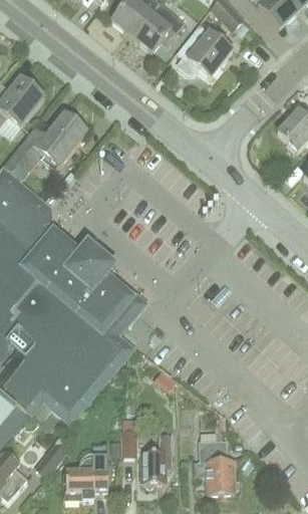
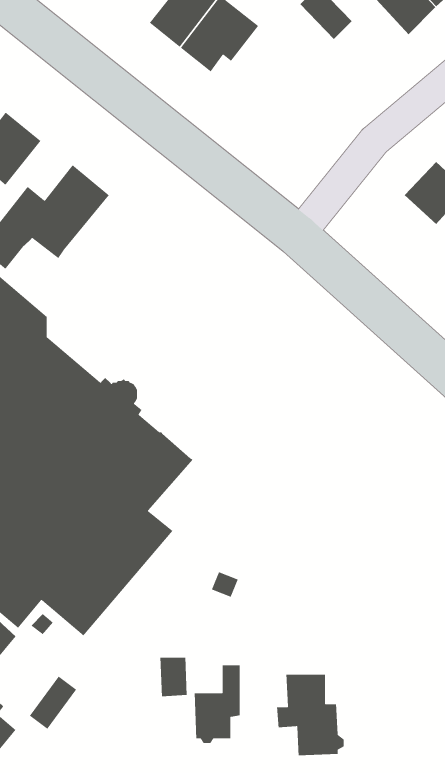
building: [175,23,233,76] -> none
building: [63,444,108,498] -> none

